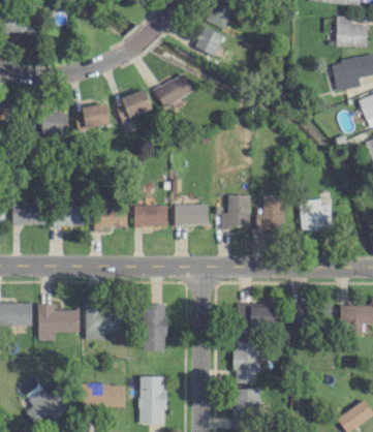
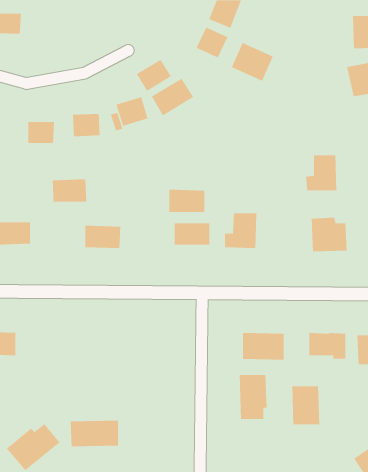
building: none -> [231,42,274,82]
building: none -> [136,59,172,92]
building: [255,195,284,228] -> [305,155,337,191]
building: [53,205,85,226] -> [52,179,87,202]
building: [134,205,167,226] -> [169,189,205,213]
building: [37,304,80,340] -> none
building: [143,304,166,351] -> none
building: [85,306,124,340] -> none
building: [139,376,165,424] -> none
building: [234,390,259,426] -> [291,385,320,425]

